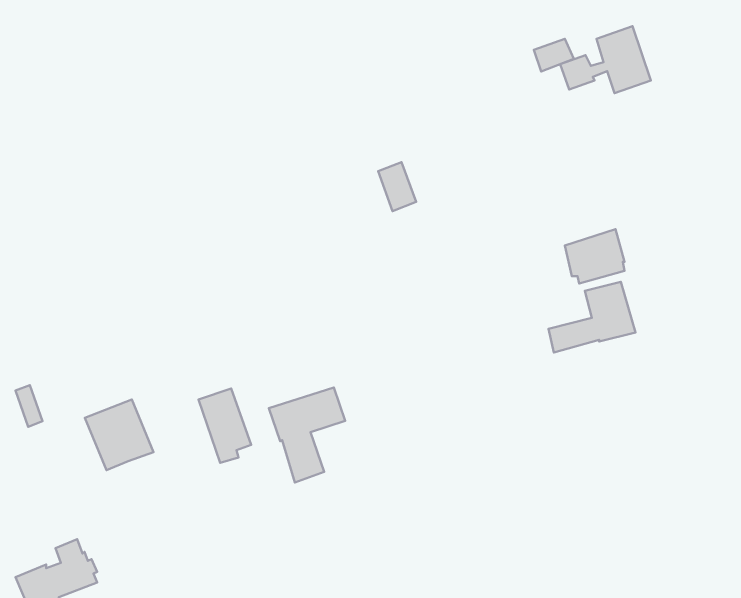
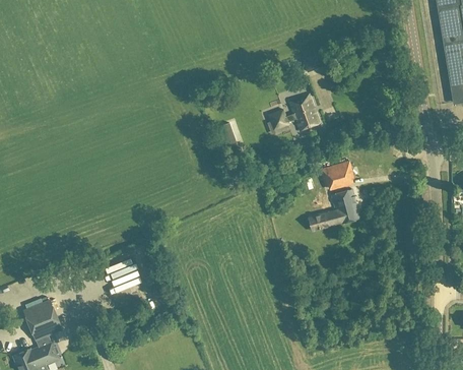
building: [560,26,651,93] -> [269,94,320,131]
building: [269,388,345,482] -> none
building: [85,400,154,470] -> [23,300,62,340]

